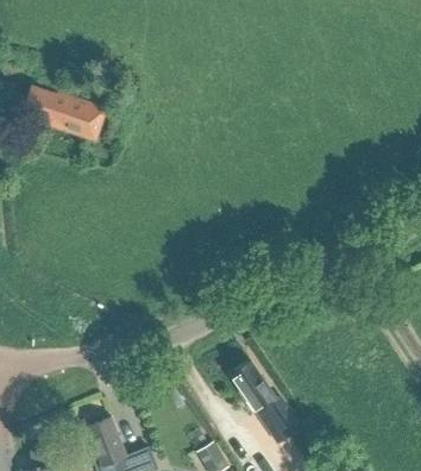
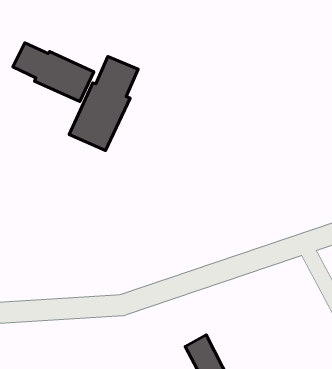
building: none -> [69,57,138,151]

